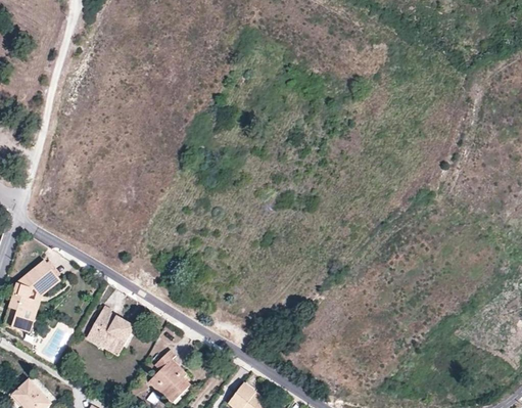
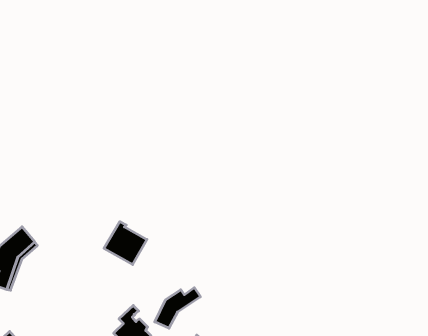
building: [86,307,135,356] -> [104,222,147,265]
building: none -> [155,288,200,328]

